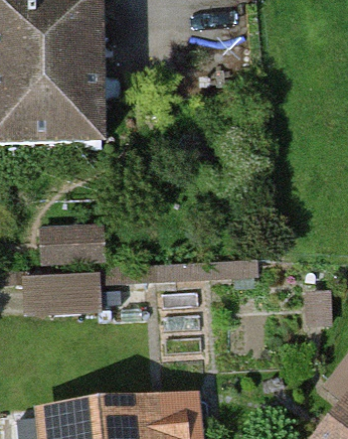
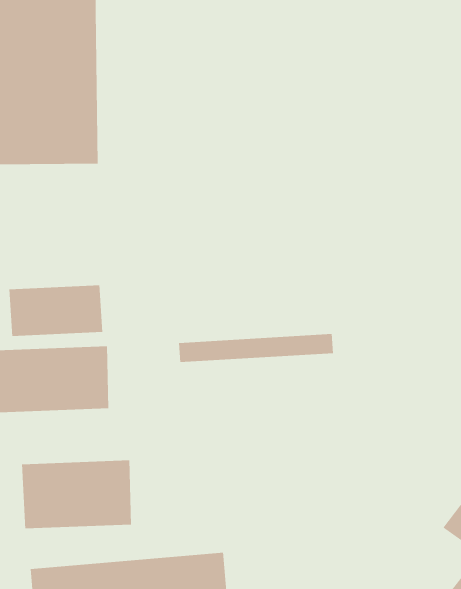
building: none -> [22,460,132,529]

